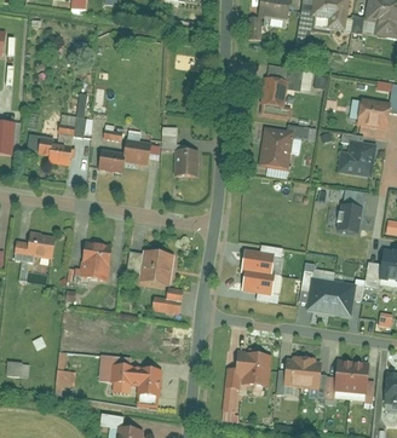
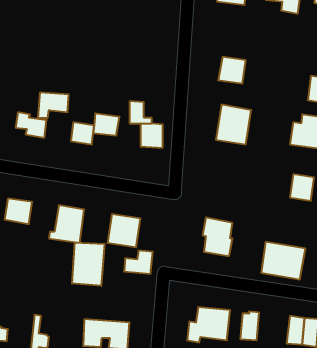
building: none -> [72,243,104,286]
building: [300,356,321,388] -> none

